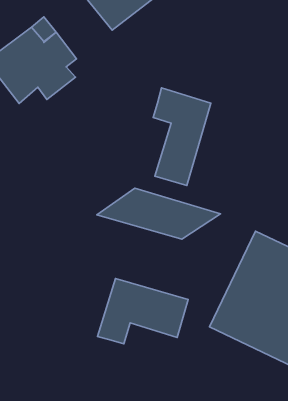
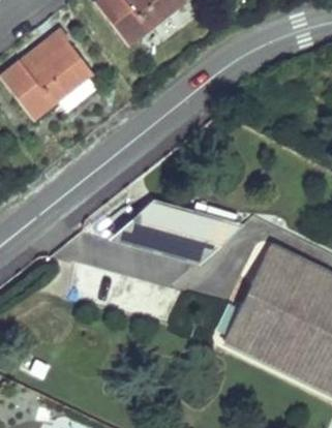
building: [153,88,211,185] -> none
building: [98,278,188,344] -> none

